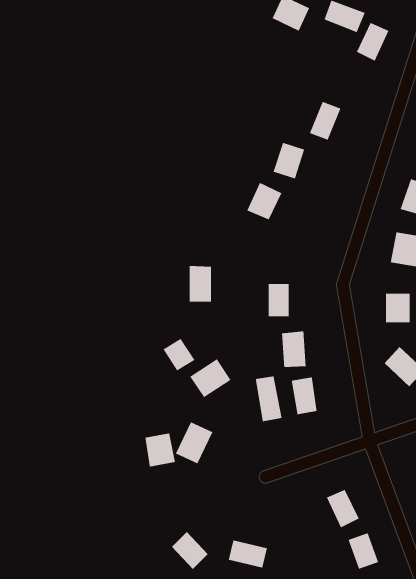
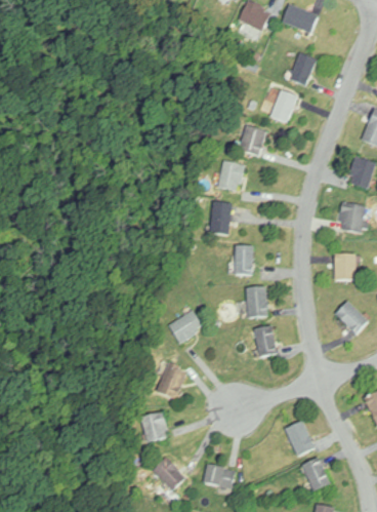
building: [356,22,390,62] -> [288,53,317,87]
building: [189,265,212,303] -> [211,201,231,233]
building: [162,338,195,371] -> none
building: [255,375,283,422] -> none
building: [144,432,176,467] -> [141,411,168,441]

